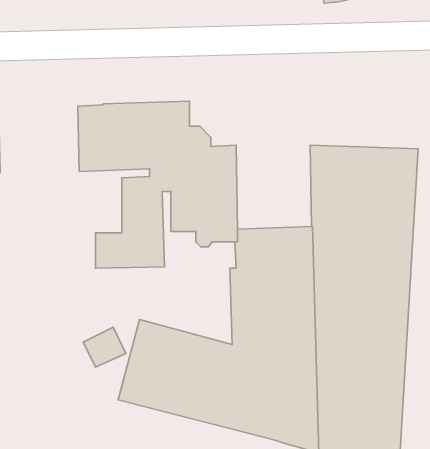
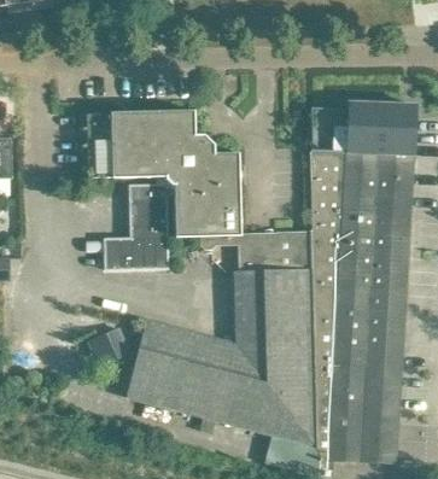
building: none -> [309,103,415,156]

